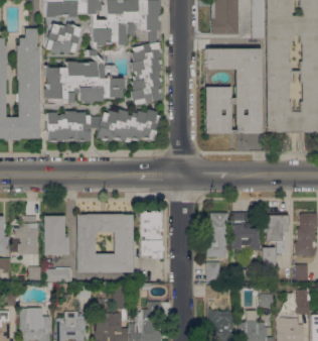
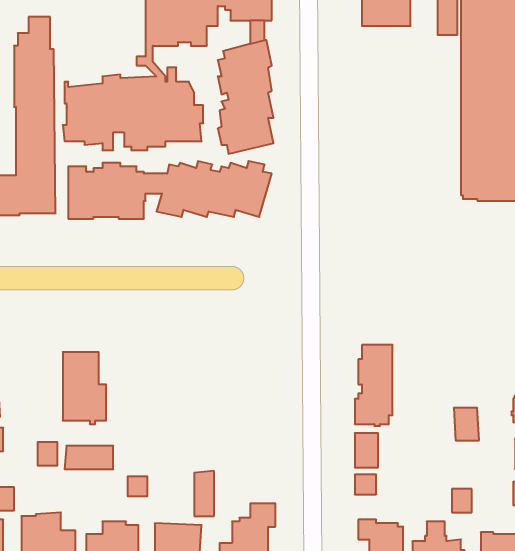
building: [45,23,81,54] -> none
building: [205,48,262,133] -> none
building: [140,211,163,258] -> none
building: [232,212,260,250] -> none
building: [76,214,133,271] -> none
building: [264,214,289,253] -> none
building: [14,216,38,254] -> none

